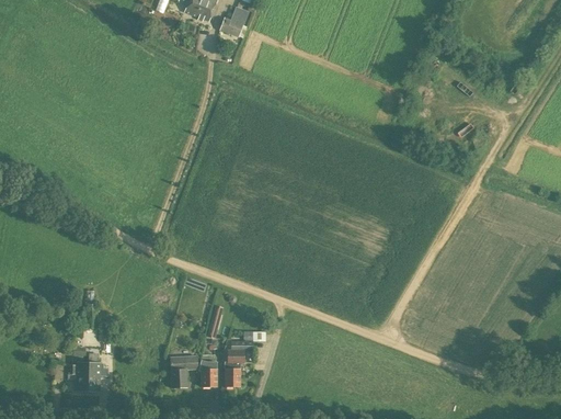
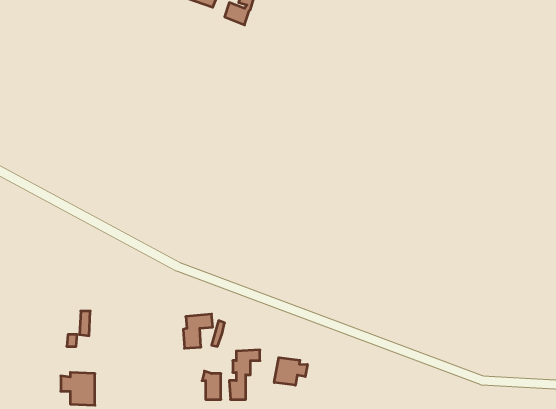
building: none -> [274,358,307,385]
building: [170,354,197,386] -> [183,314,213,348]

